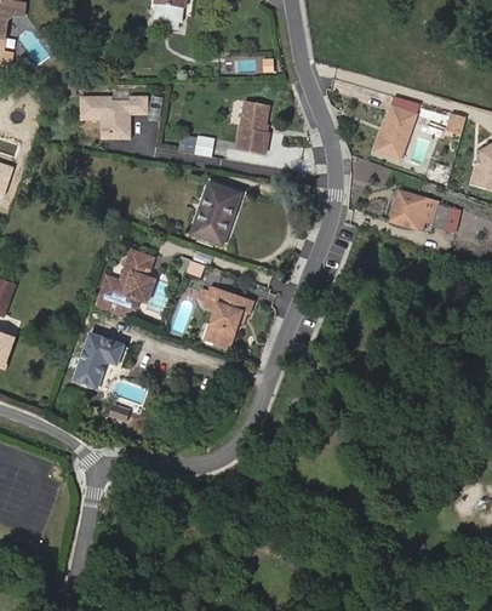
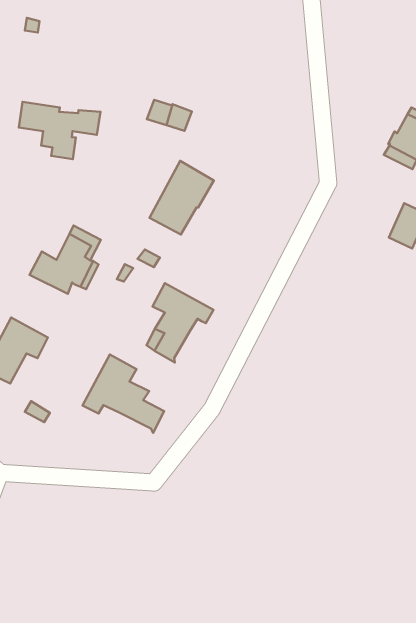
building: [80,96,145,138] -> [19,102,100,159]
building: [236,101,267,153] -> none
building: none -> [82,354,164,433]

